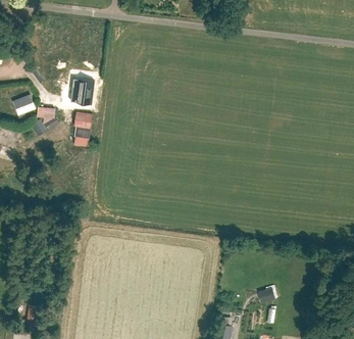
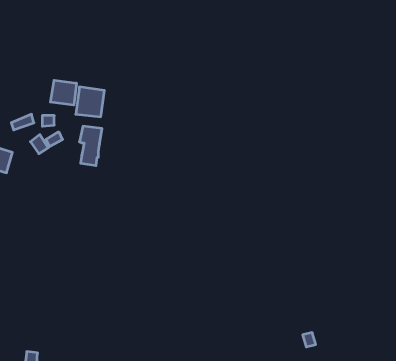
building: none -> [50,80,76,105]

